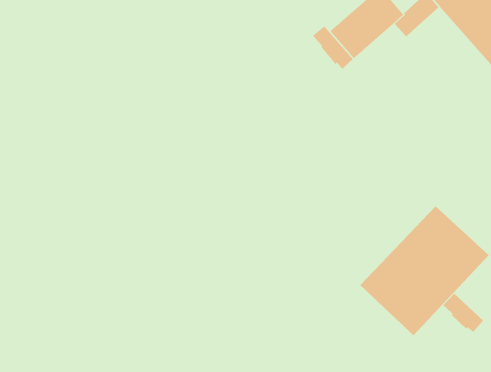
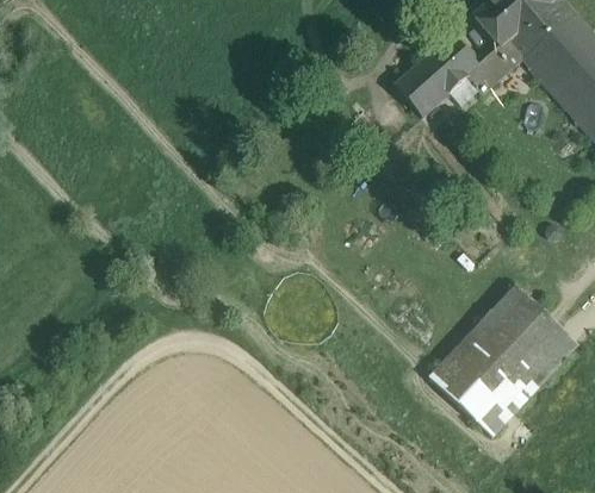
building: [312,26,353,69] -> none
building: [443,293,484,333] -> none

